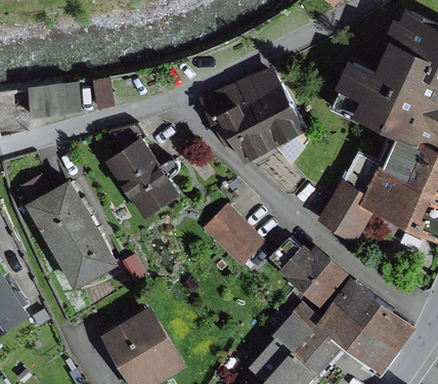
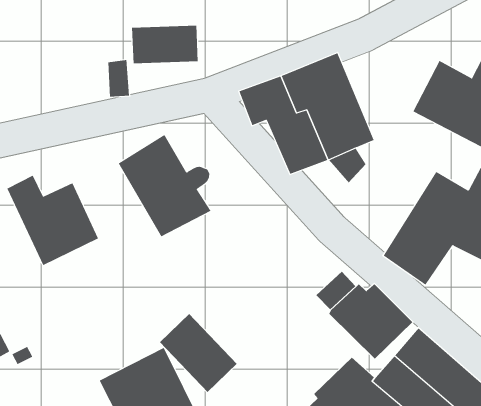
building: [25,85,80,119] -> [131,25,199,64]
building: [201,206,264,268] -> [159,313,238,393]
building: [49,223,117,289] -> none

